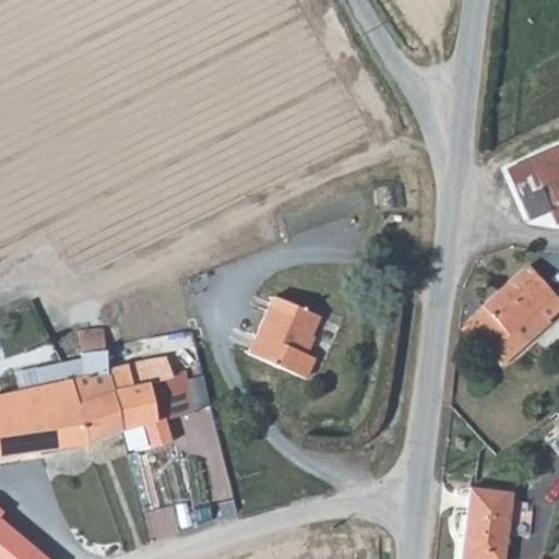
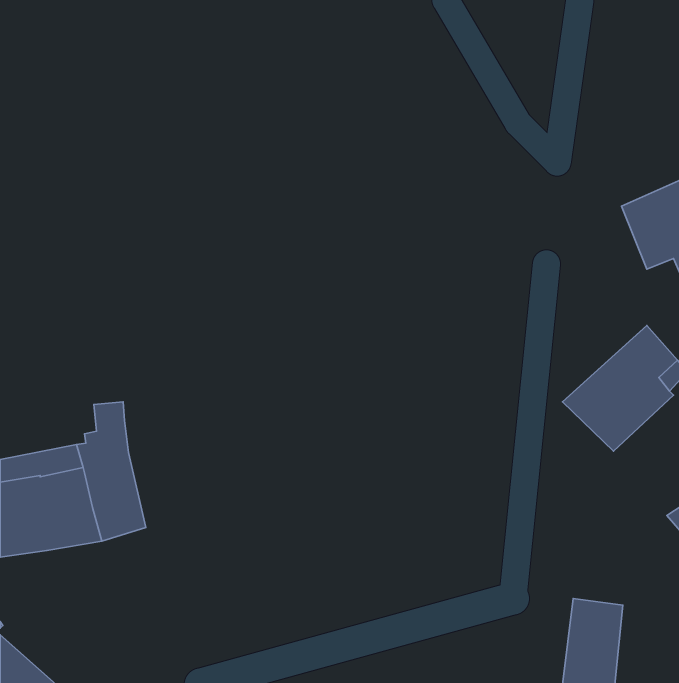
building: [249,292,319,376] -> none
building: [109,359,195,449] -> none

